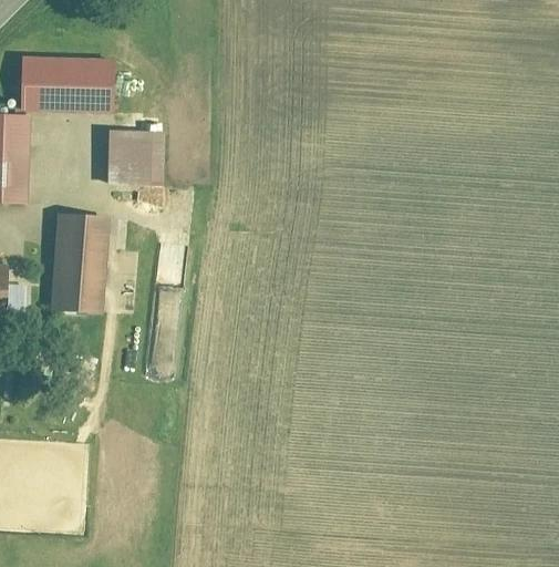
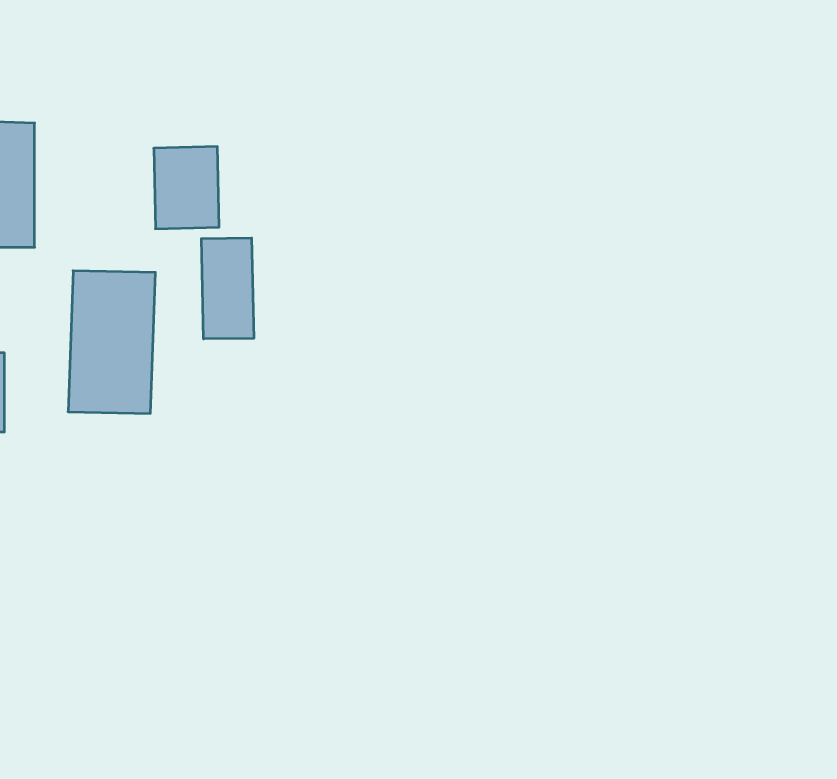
building: [21,60,121,107] -> none
building: none -> [201,238,254,339]

